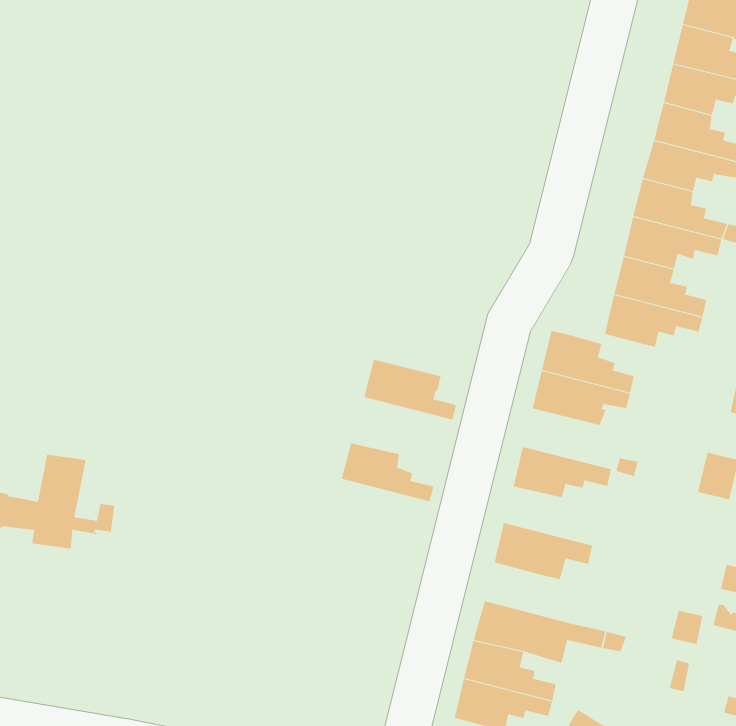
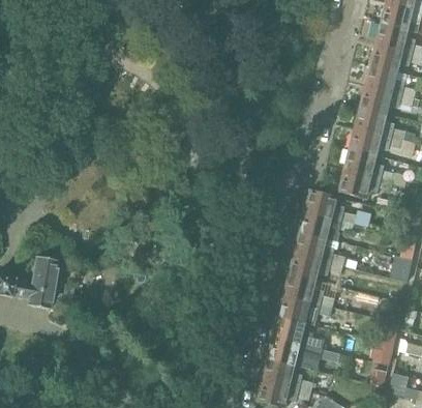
building: [364,359,457,420] -> [295,231,345,264]
building: [341,443,434,502] -> [284,273,335,305]
building: none -> [274,315,324,348]

